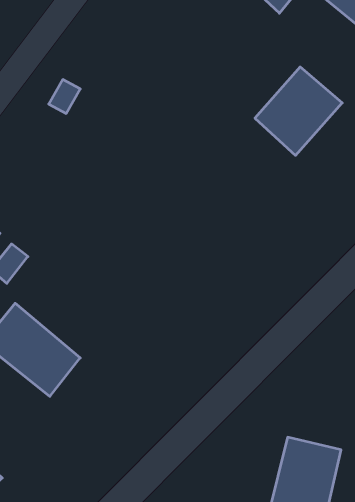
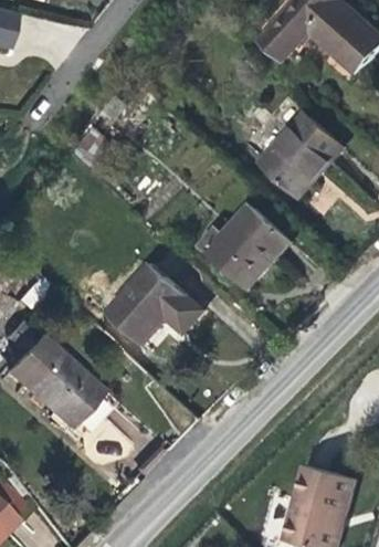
building: none -> [211,207,287,283]
building: none -> [107,263,198,340]

